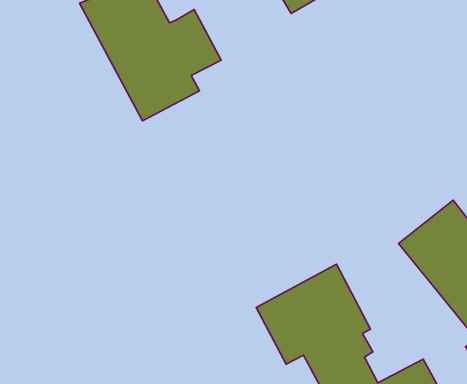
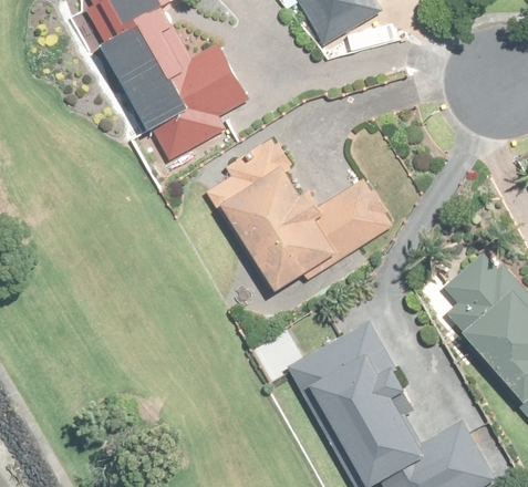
building: none -> [204,132,393,297]

